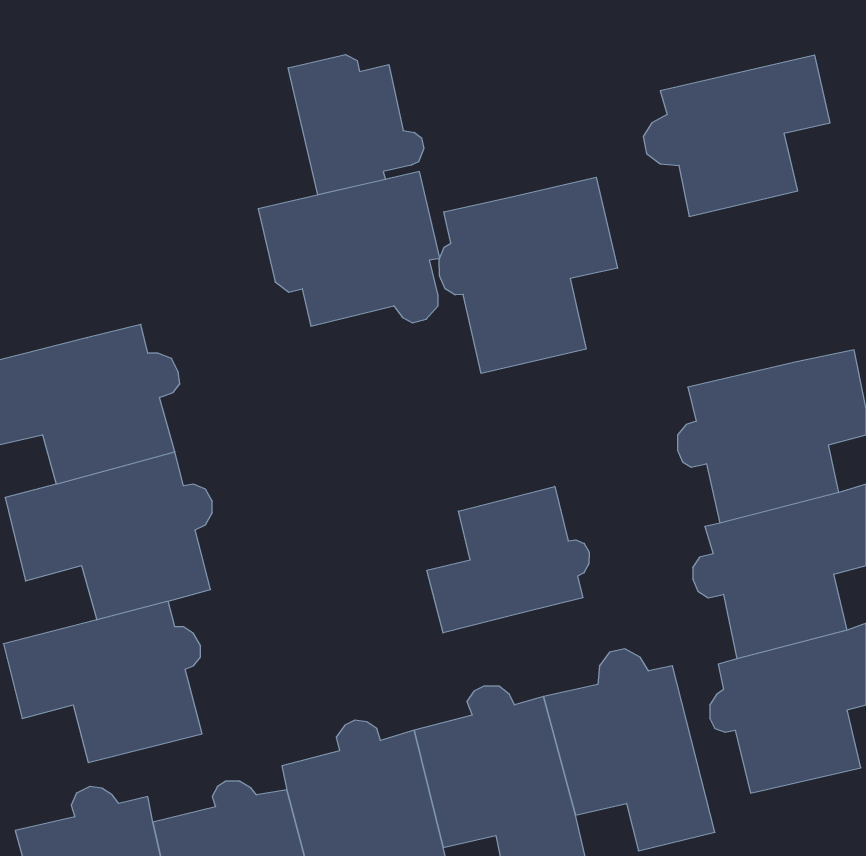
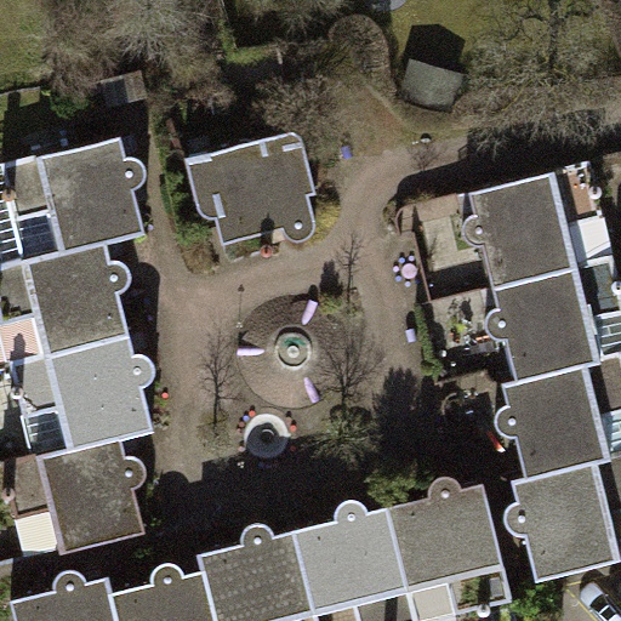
building: [288,55,424,195] -> none
building: [643,55,830,216] -> [458,170,592,285]
building: [439,177,618,373] -> none
building: none -> [5,141,144,250]
building: [427,486,589,633] -> none

